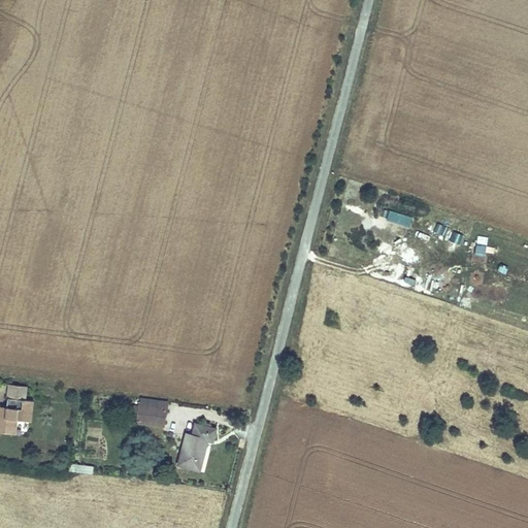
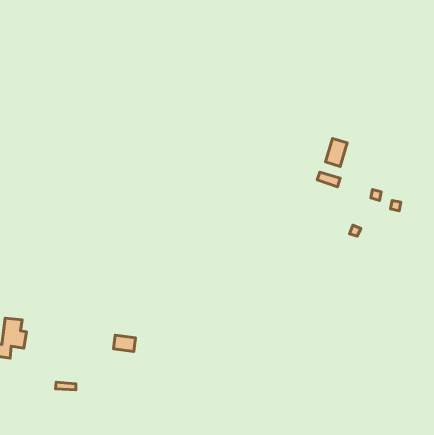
building: none -> [325,138,347,166]
building: [178,425,214,470] -> none

